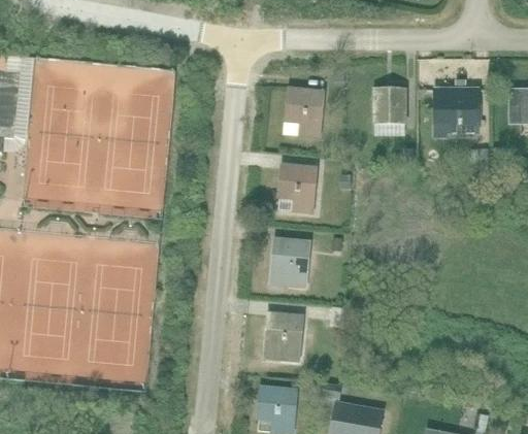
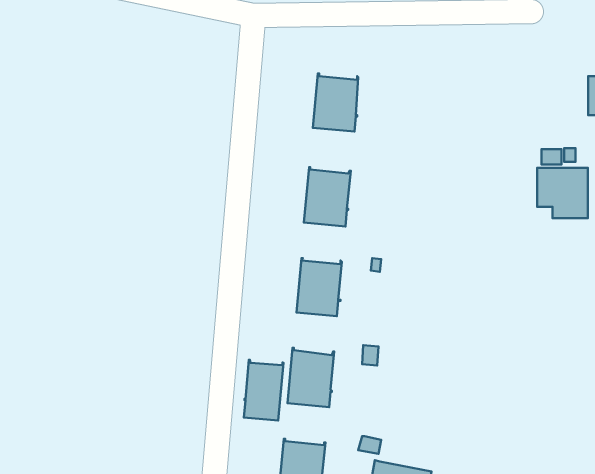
building: [375,84,405,126] -> none
building: [436,90,477,131] -> [537,168,588,218]
building: none -> [244,360,284,421]

